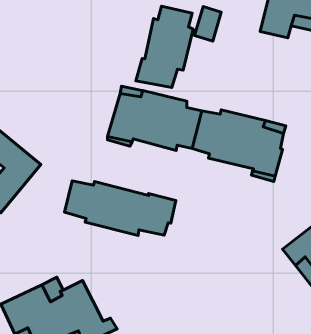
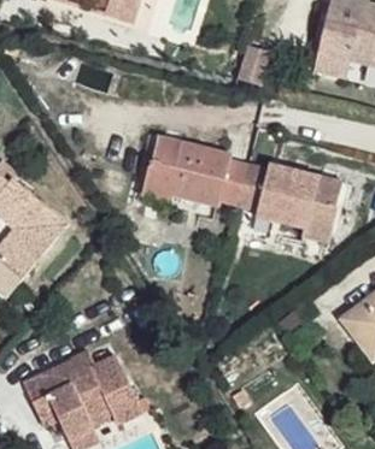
building: [136,6,193,87] -> none
building: [65,181,176,235] -> none

